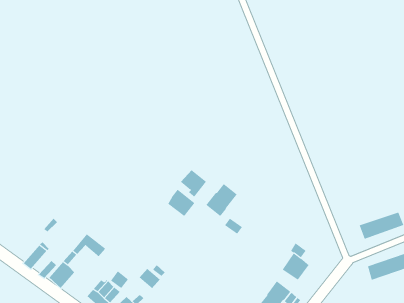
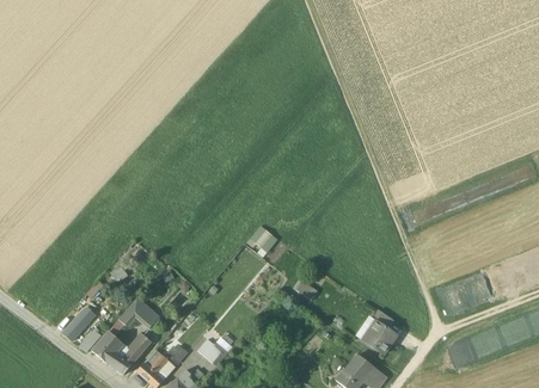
building: [205,183,238,217] -> none
building: [167,189,195,217] -> none
building: none -> [106,333,151,374]

